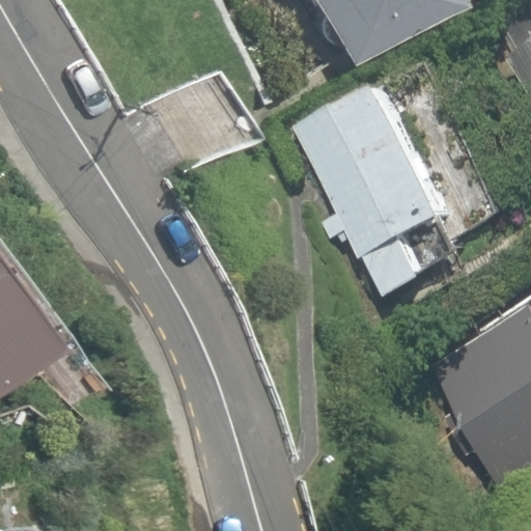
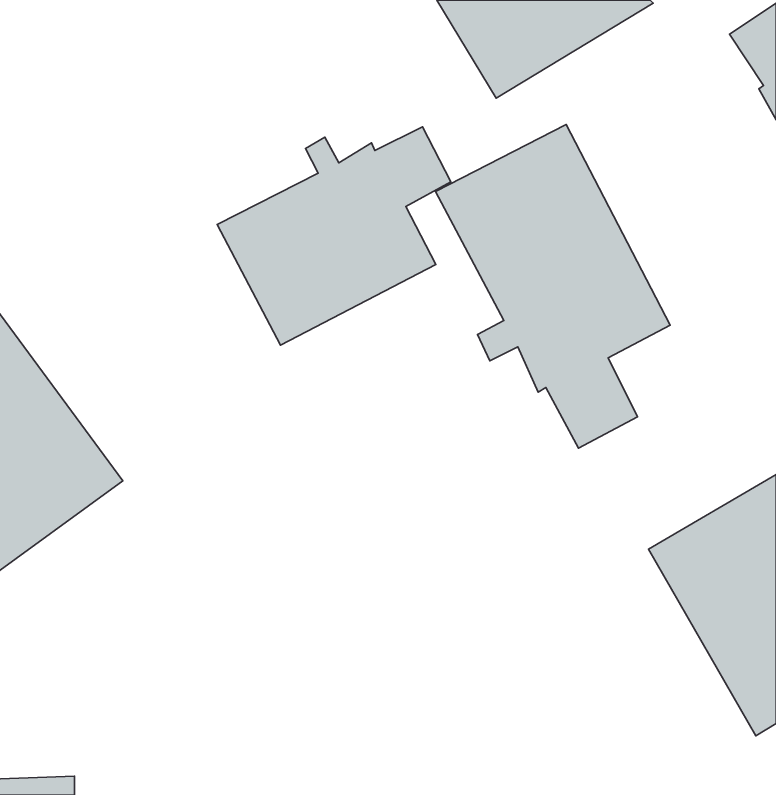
building: none -> [217,127,451,345]

